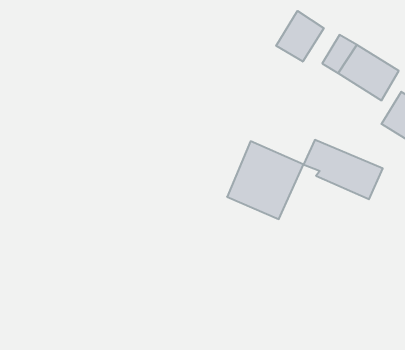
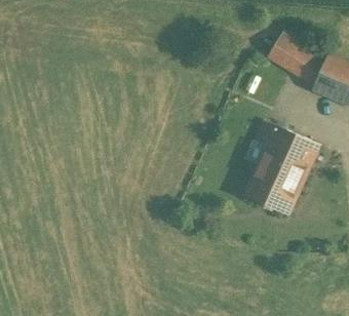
building: [276,11,324,62] -> none
building: [227,141,304,219] -> [244,149,308,213]

